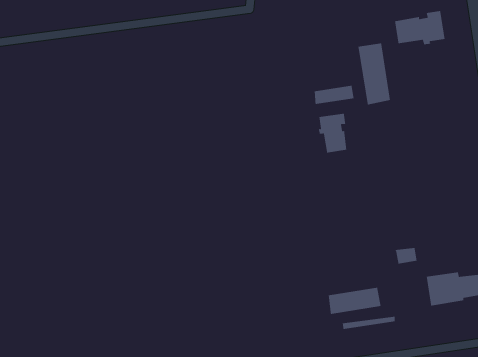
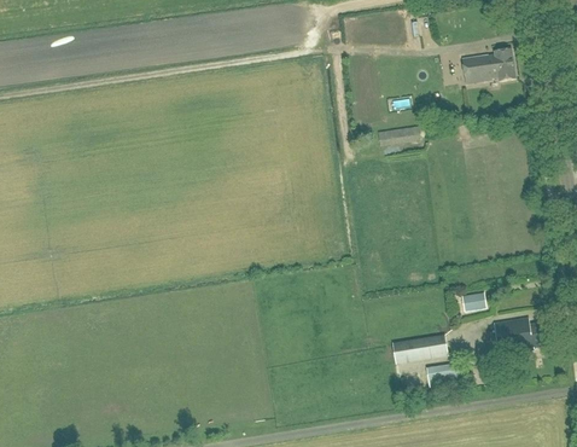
building: [358,43,391,105] -> none
building: [318,113,347,153] -> none

